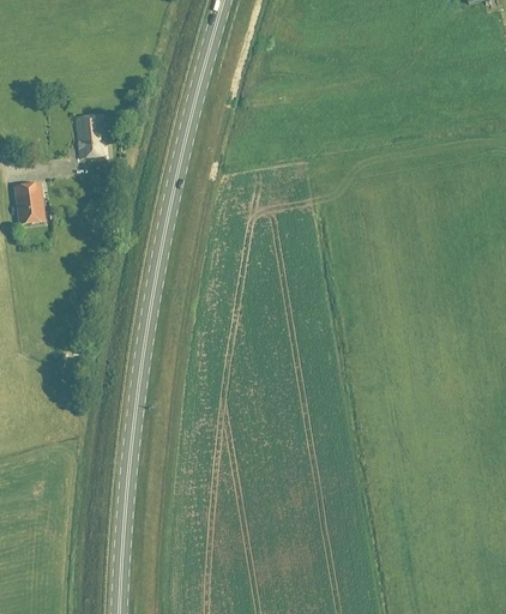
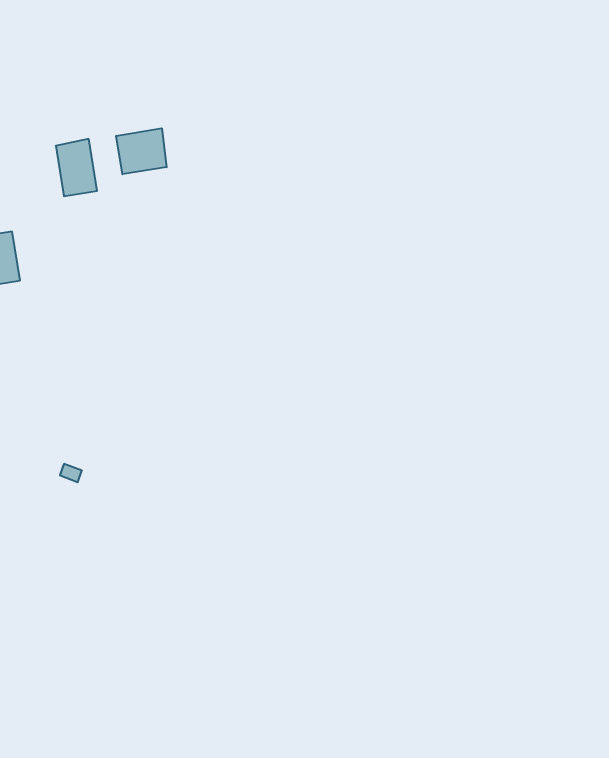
building: none -> [116,128,167,174]

